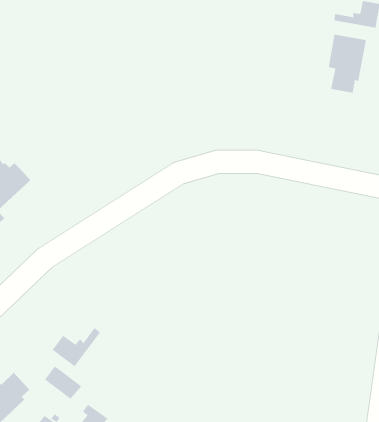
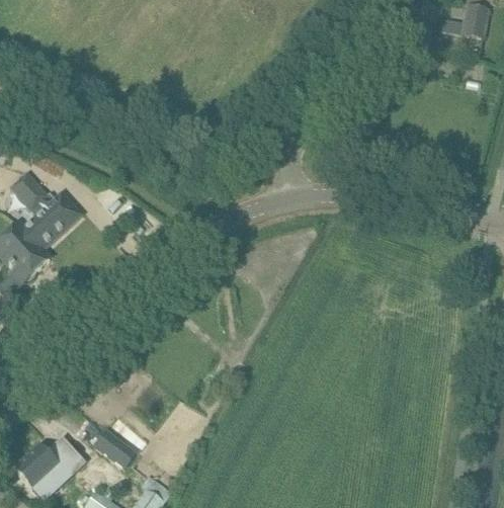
building: [328,34,367,93] -> none
building: [52,327,101,367] -> none

